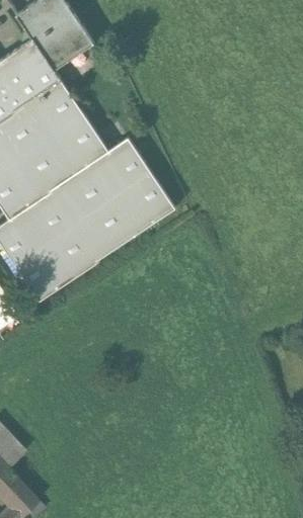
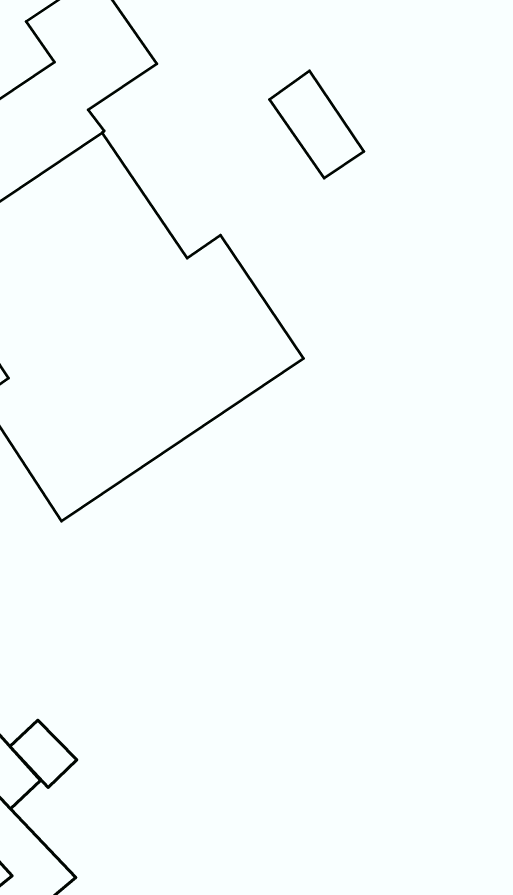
building: none -> [269,71,364,178]
building: none -> [10,720,77,788]

